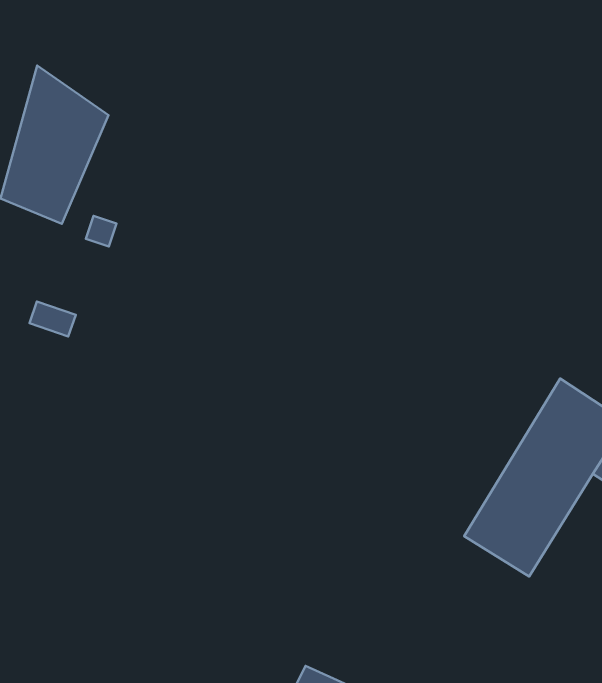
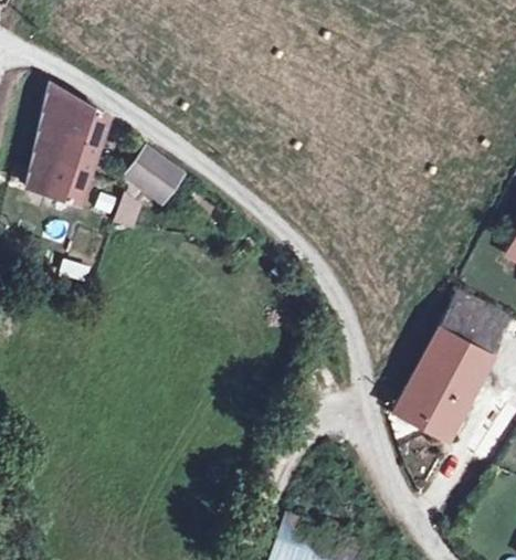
building: none -> [127,148,185,203]

